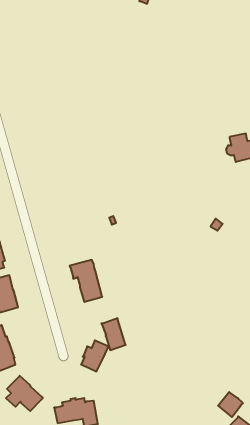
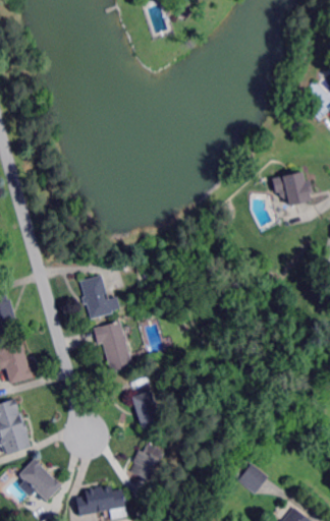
building: none -> [79,275,118,320]
building: [81,340,109,371] -> [130,443,163,479]
building: [218,392,243,417] -> [237,464,267,494]

